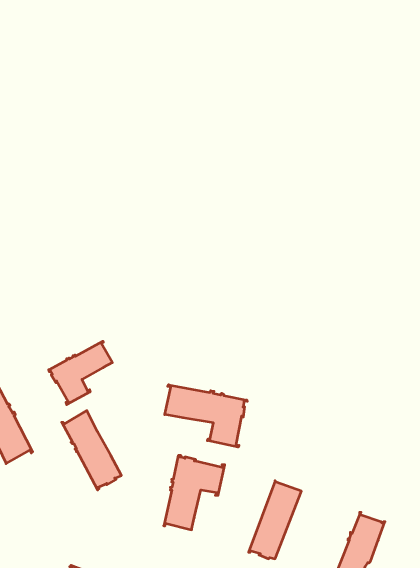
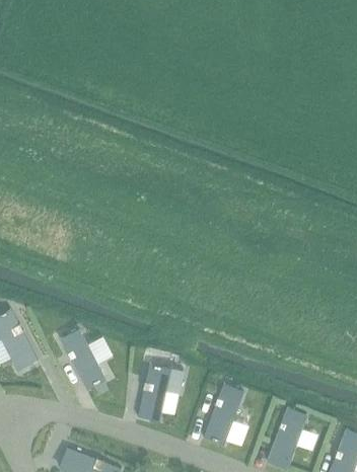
building: [49,341,112,405] -> none
building: [165,385,247,447] -> none

